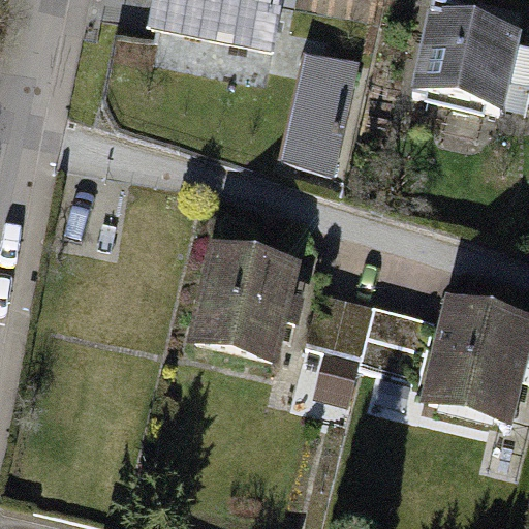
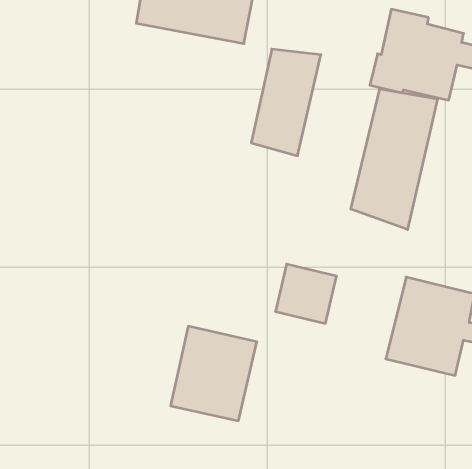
building: none -> [351,89,438,230]
building: [199,252,295,357] -> [171,326,257,421]
building: [363,308,438,383] -> none

